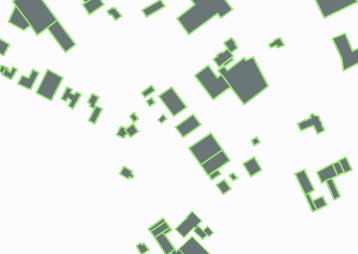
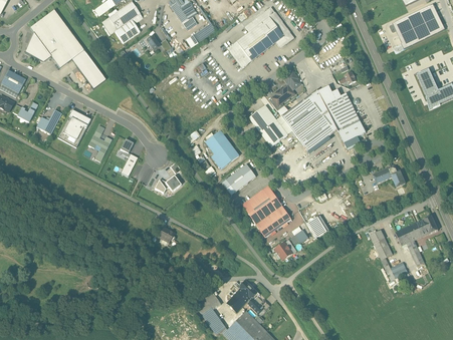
building: none -> [318,85,366,142]

